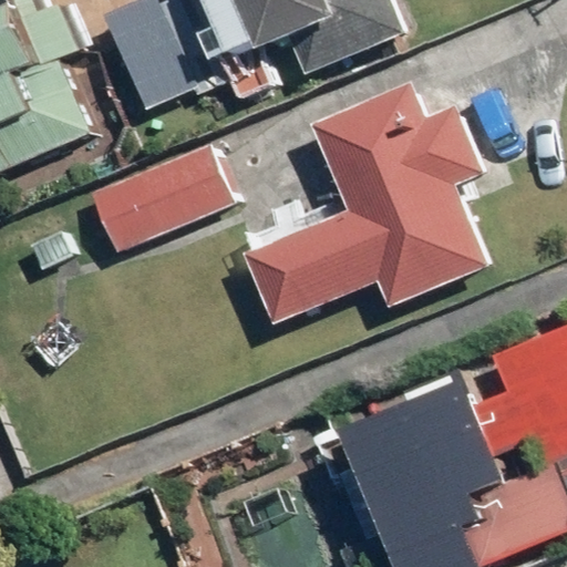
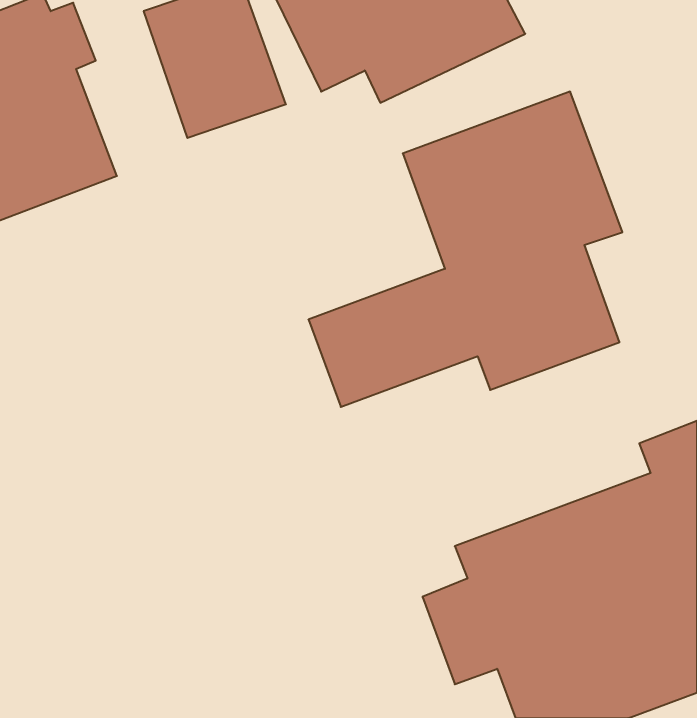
building: [90,143,231,249] -> none

